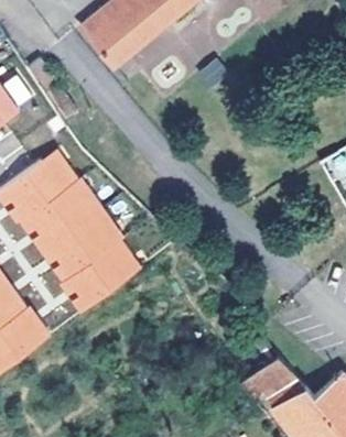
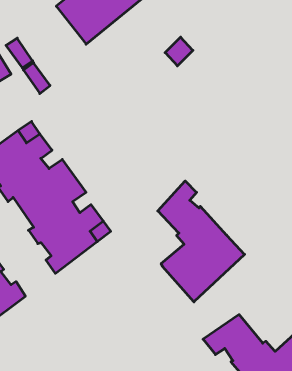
building: none -> [158,181,245,302]

